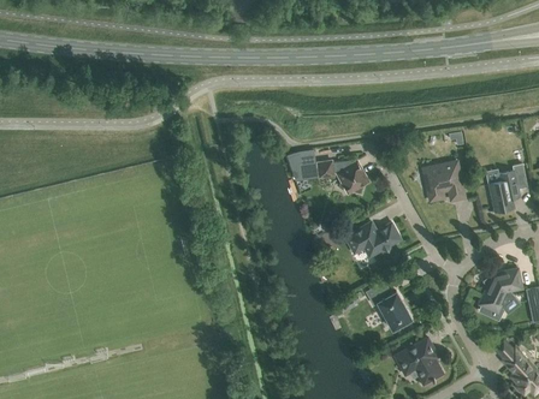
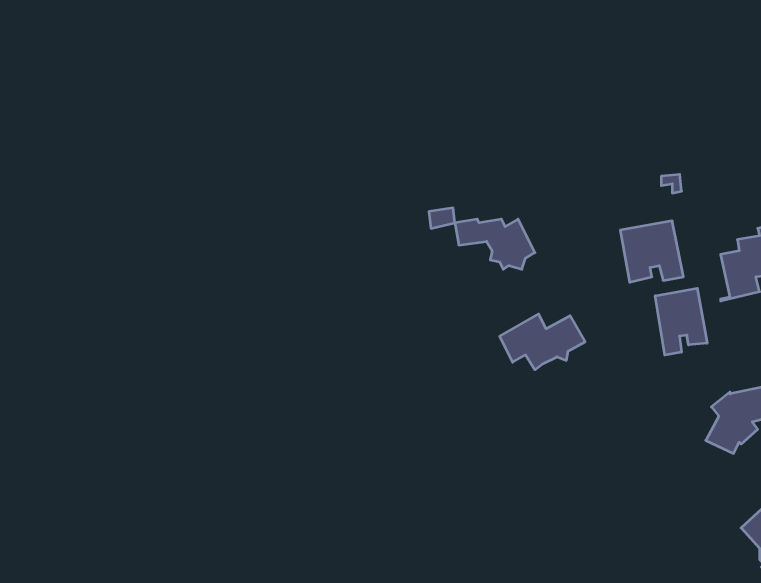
building: none -> [655,288,707,355]
building: [366,282,411,330] -> none
building: [395,338,442,385] -> none

